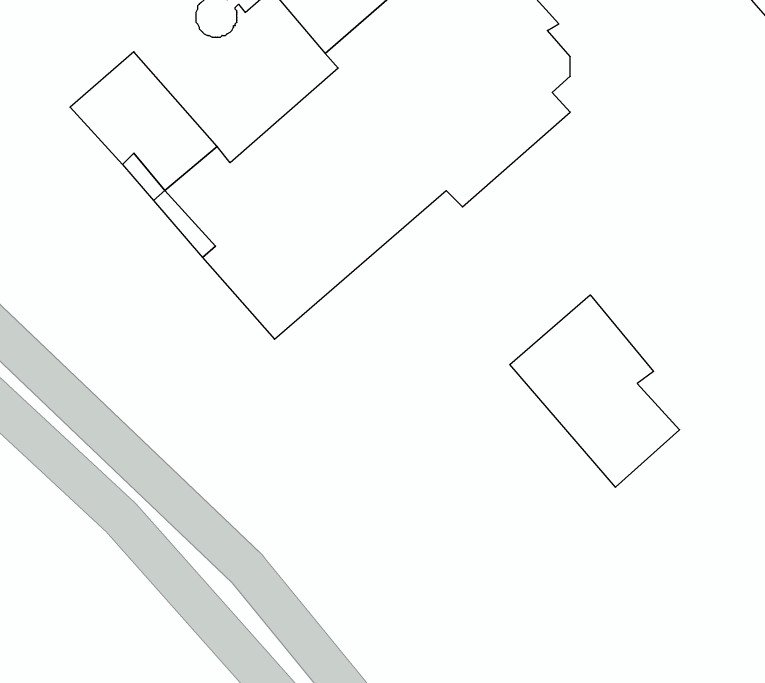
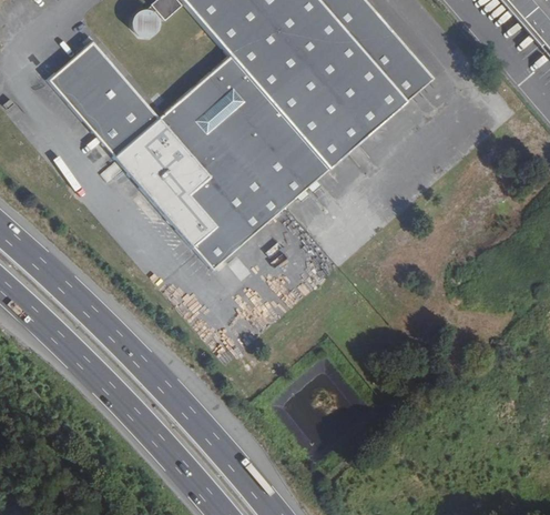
building: none -> [191,27,430,267]
building: [510,295,680,487] -> none

